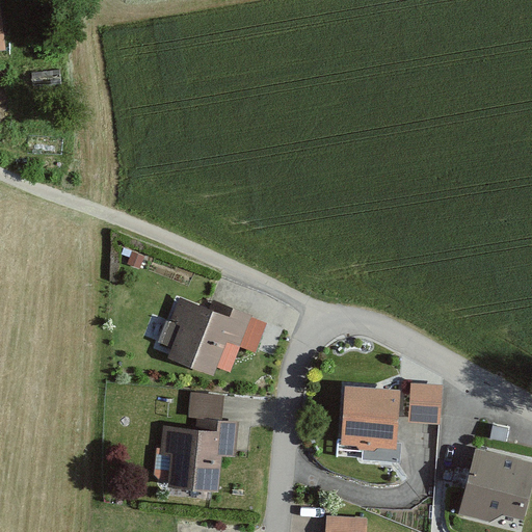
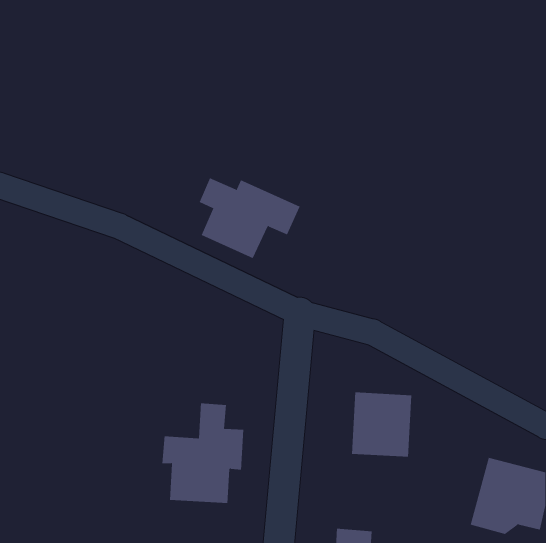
building: [168,297,267,376] -> [199,177,300,259]
building: [404,381,435,423] -> none

